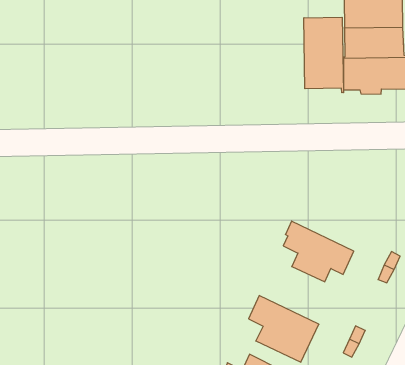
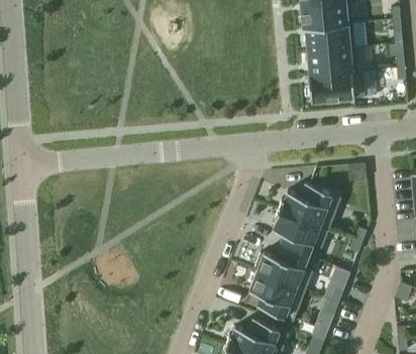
building: [304,17,344,93] -> none
building: none -> [277,182,340,228]
building: none -> [253,244,312,288]

